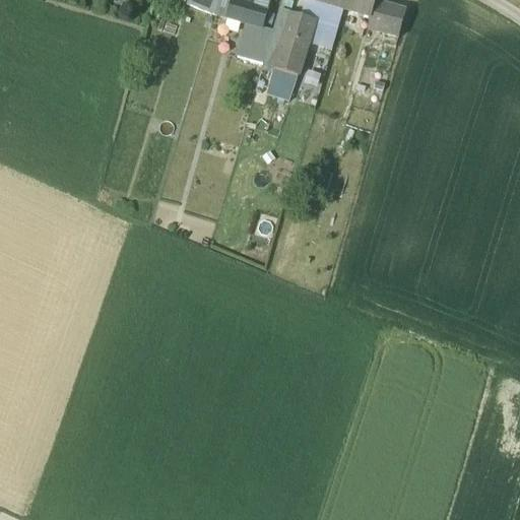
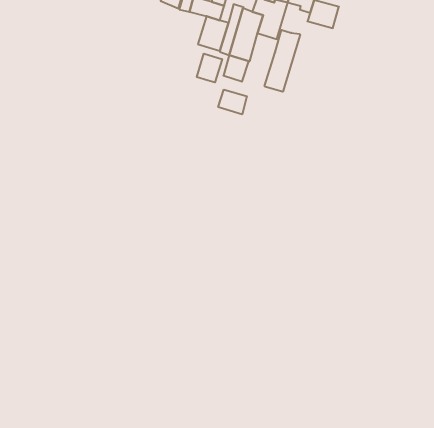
building: none -> [265,30,300,92]
building: none -> [197,54,222,82]
building: none -> [218,90,247,114]

